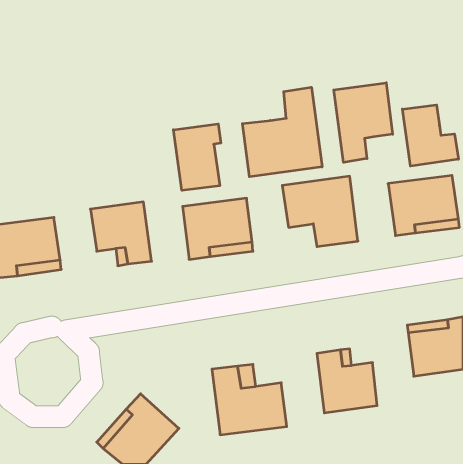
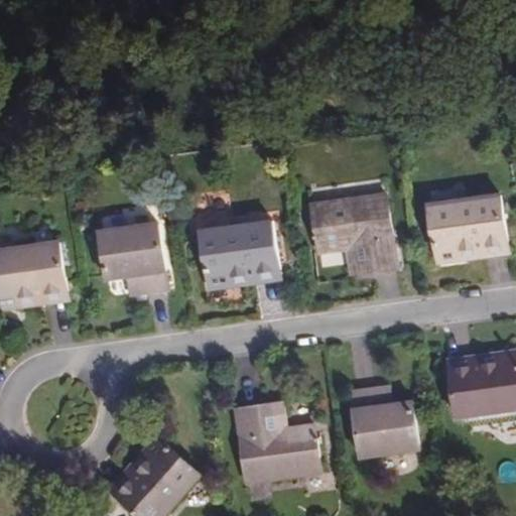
building: [334,83,393,162] -> none
building: [242,87,322,177] -> none
building: [402,105,458,166] -> none
building: [173,124,221,190] -> none

